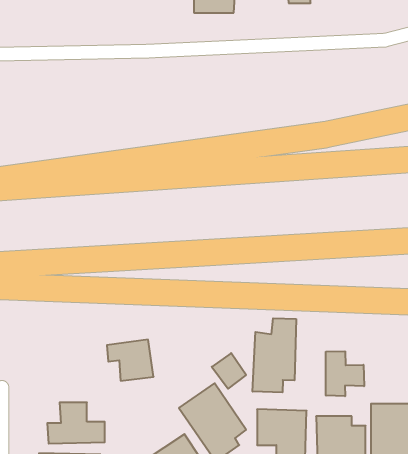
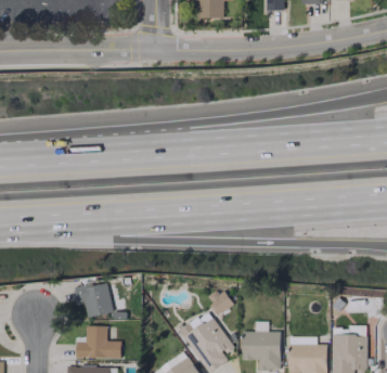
building: [253,318,296,392] -> none
building: [107,340,154,381] -> [76,284,113,317]
building: [326,351,364,396] -> none

